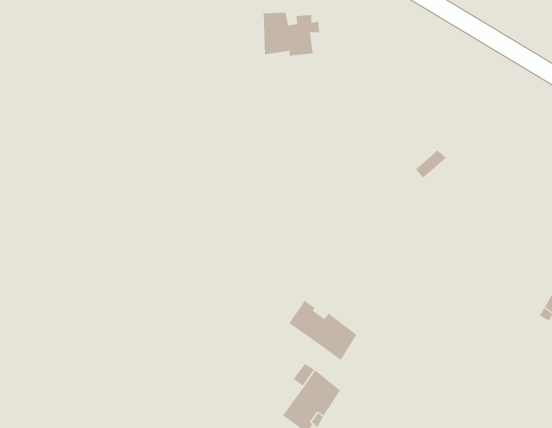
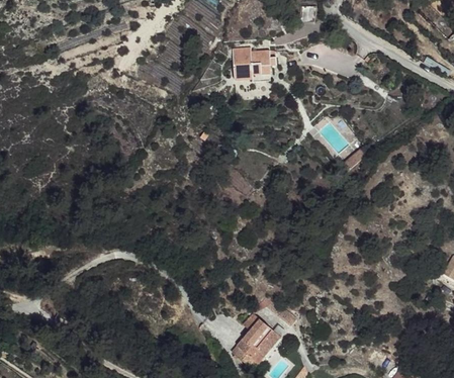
building: [289,300,357,361] -> none

